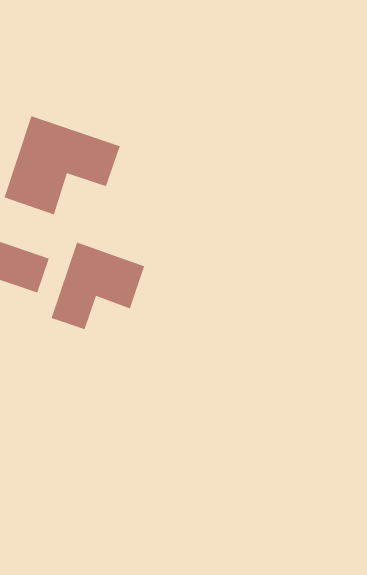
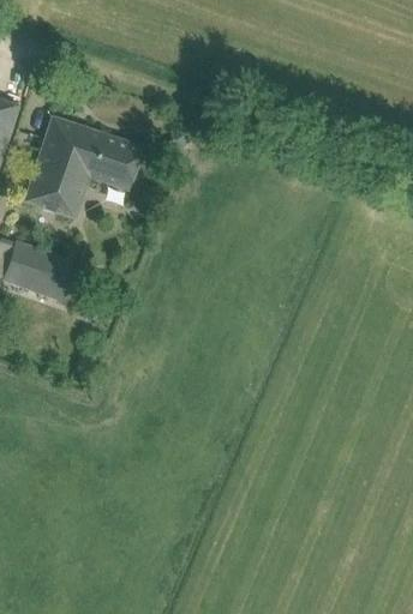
building: [50,242,145,330] -> none

